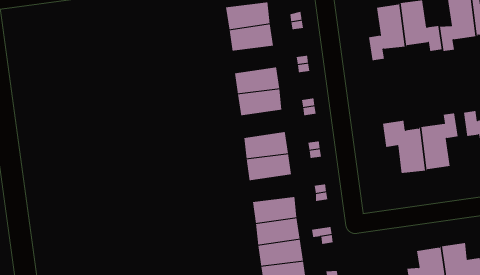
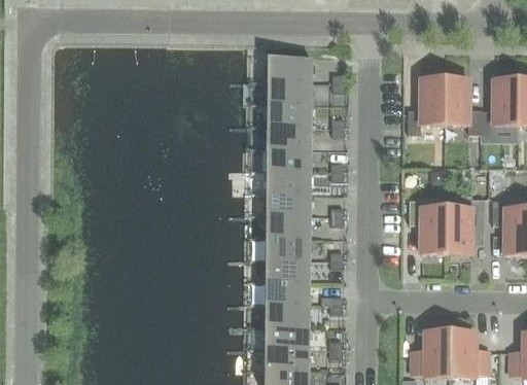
building: none -> [267,102,311,125]
building: none -> [267,169,310,191]
building: none -> [266,236,310,258]

